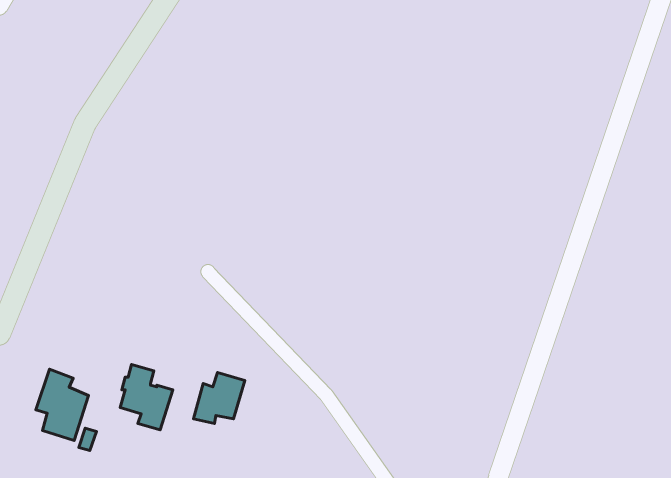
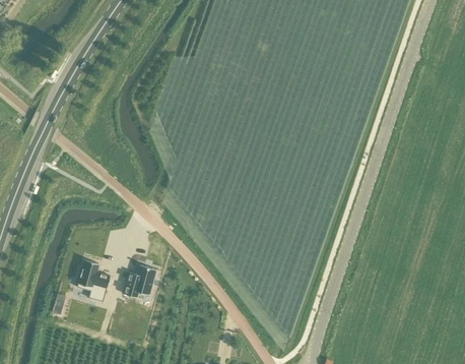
building: [36,369,89,441] -> none

